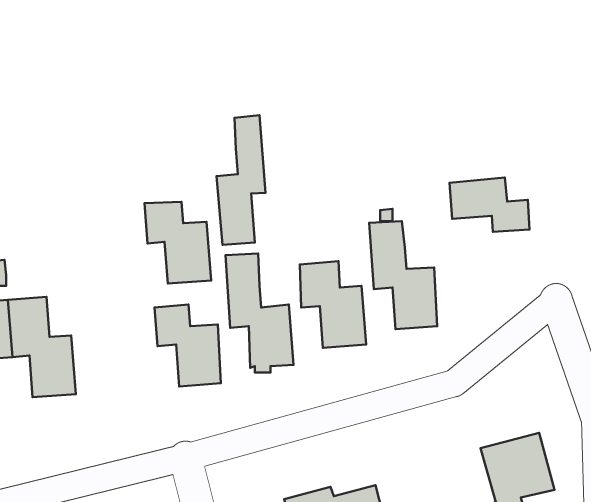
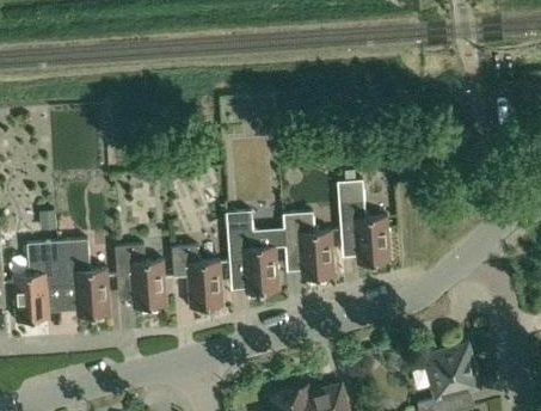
building: [216,115,265,245] -> none
building: [449,177,530,232] -> none
building: [145,202,211,284] -> [116,245,167,308]

